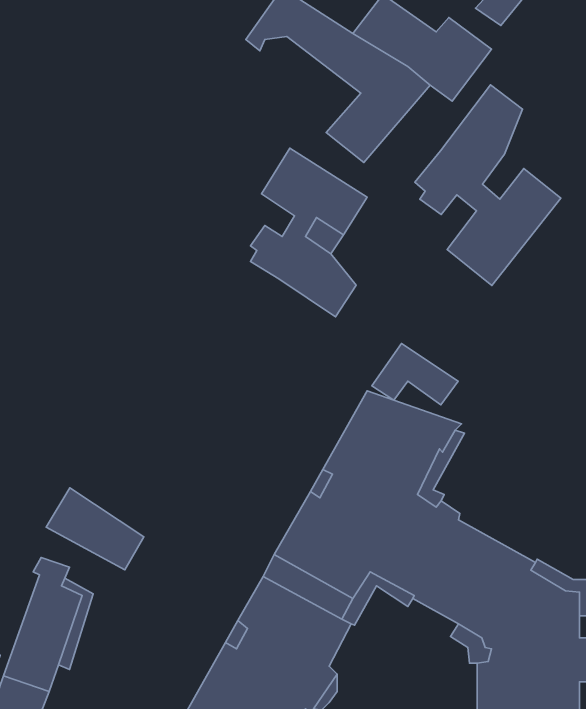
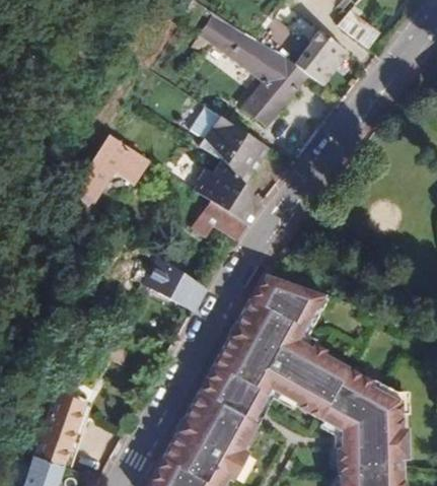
building: [415,85,561,285] -> none
building: none -> [66,134,148,213]
building: [372,343,458,405] -> [191,201,246,240]
building: [46,488,144,570] -> [142,259,205,311]

